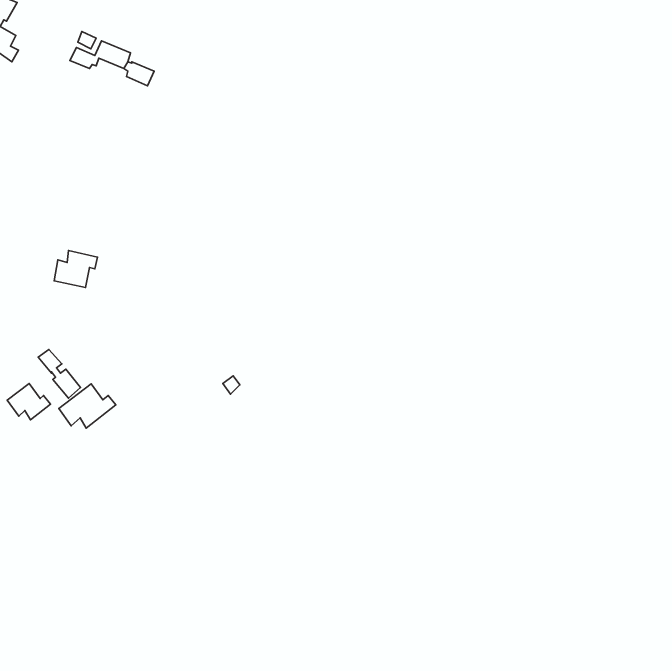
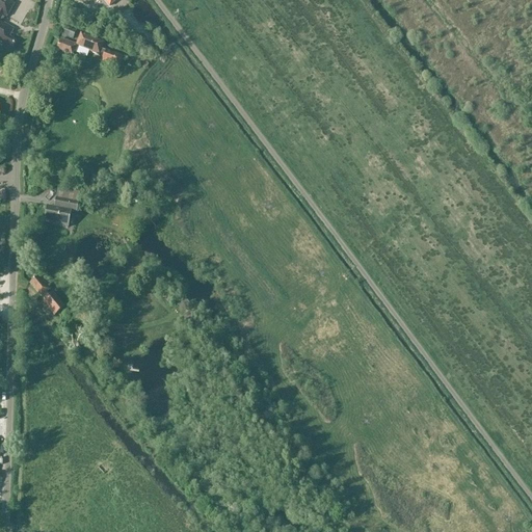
building: [7,384,50,420] -> none
building: [59,384,116,428] -> none

